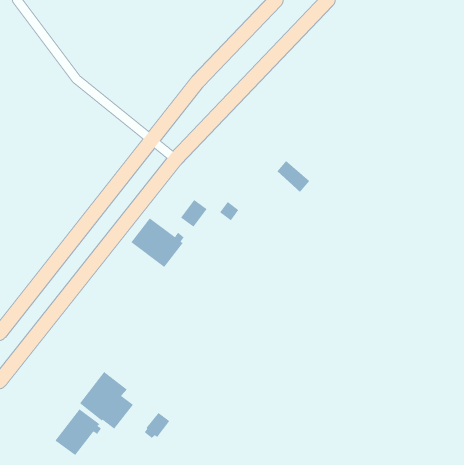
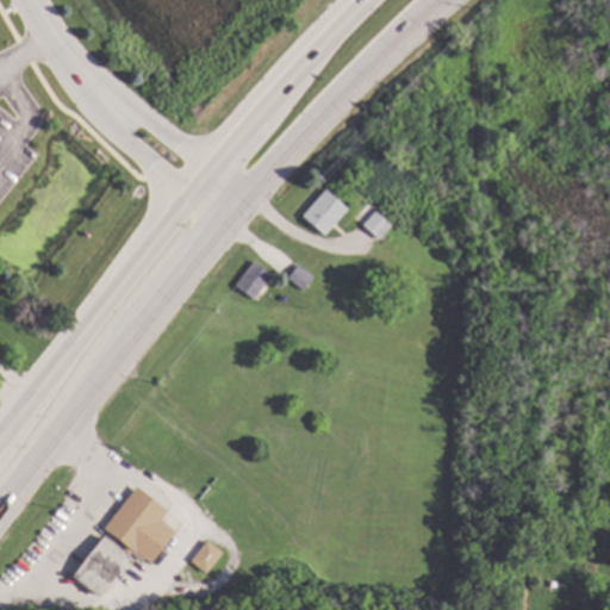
building: none -> [303,189,347,235]
building: [130,217,185,268] -> none

